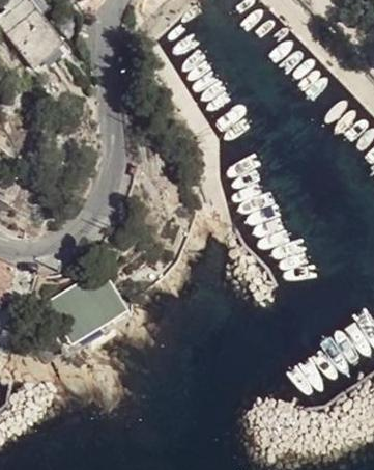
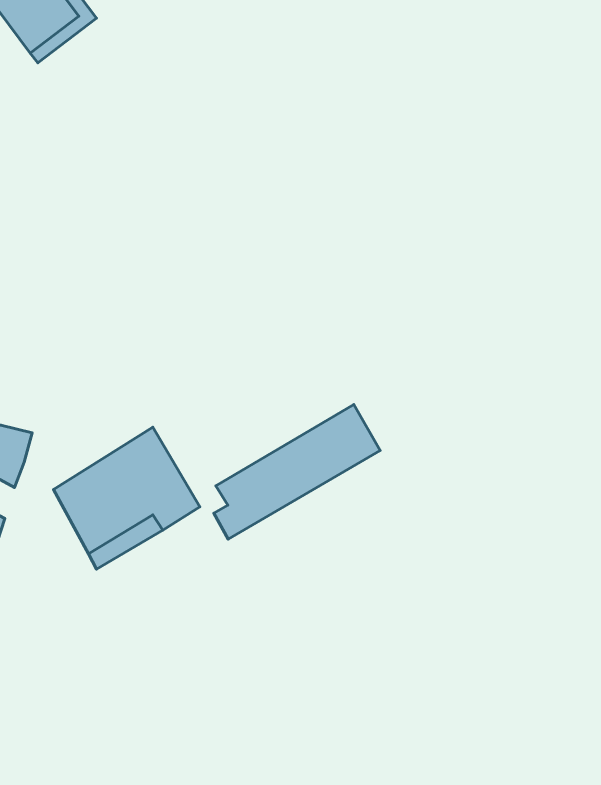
building: none -> [214,405,380,539]

